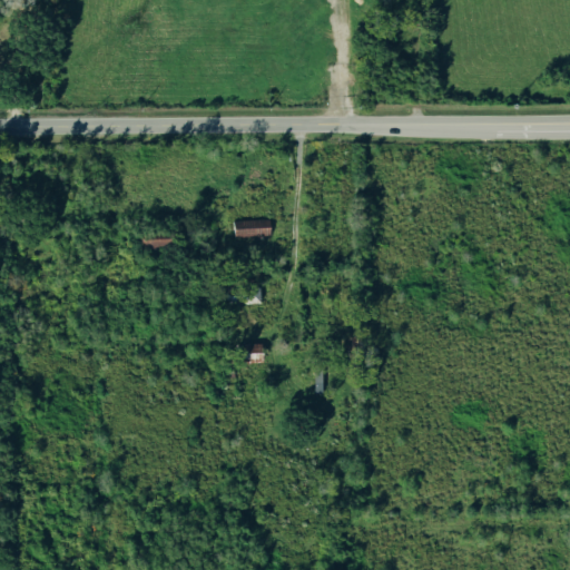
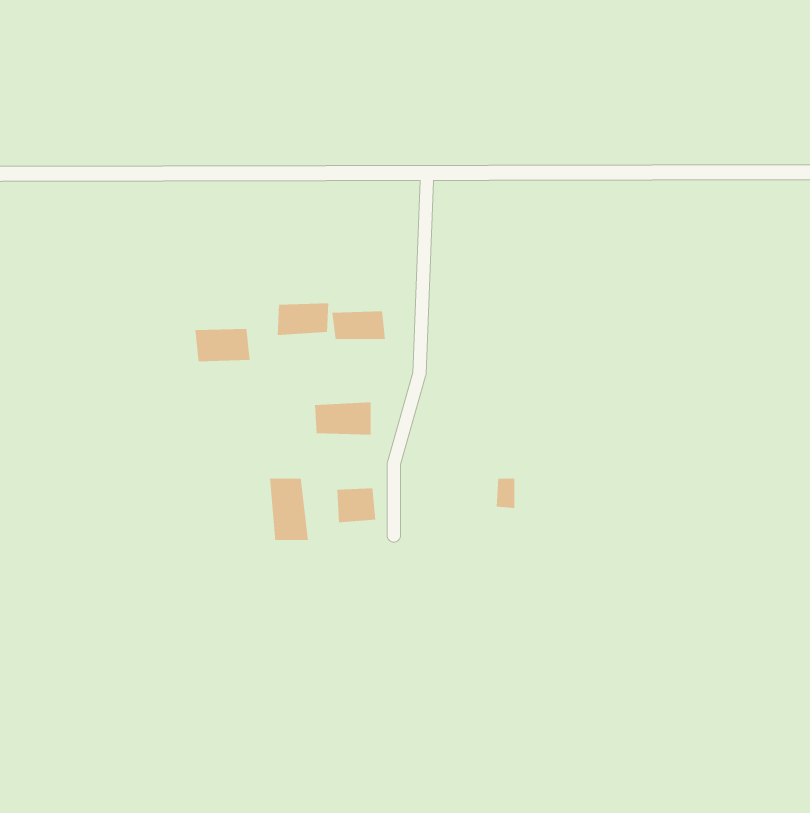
building: none -> [277,303,329,336]
building: none -> [270,478,308,541]

